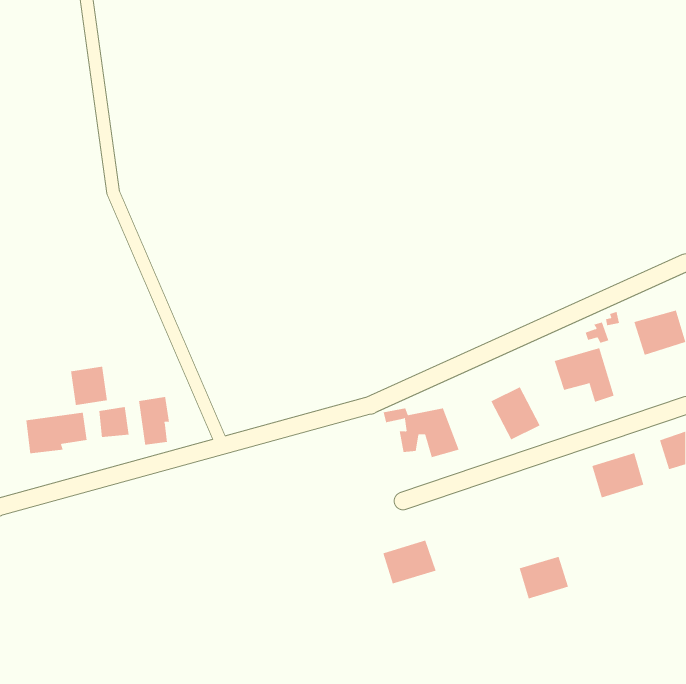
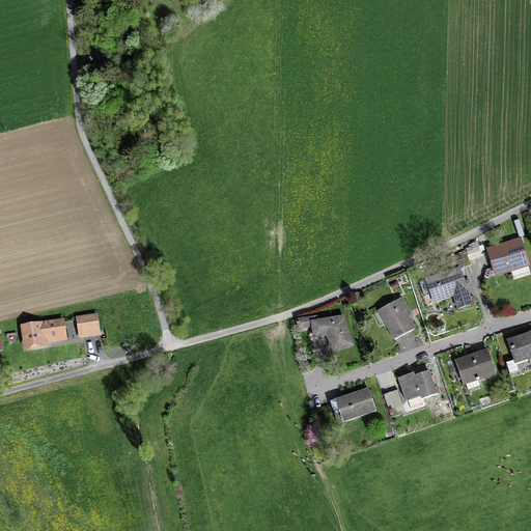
building: [71,366,108,406] -> none
building: [138,396,170,446] -> none
building: [383,540,436,584] -> [335,388,376,422]
building: [519,556,569,599] -> [398,369,437,402]

